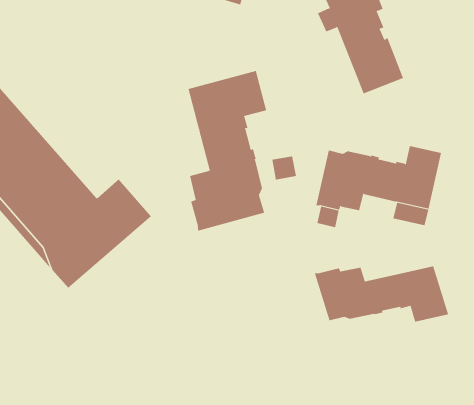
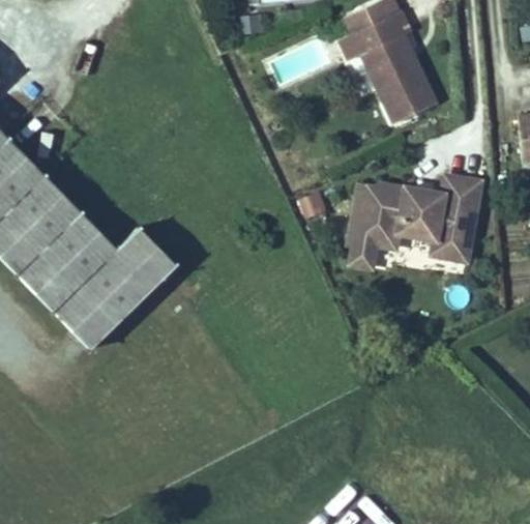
building: [188,70,267,231] -> none
building: [314,266,449,322] -> none

